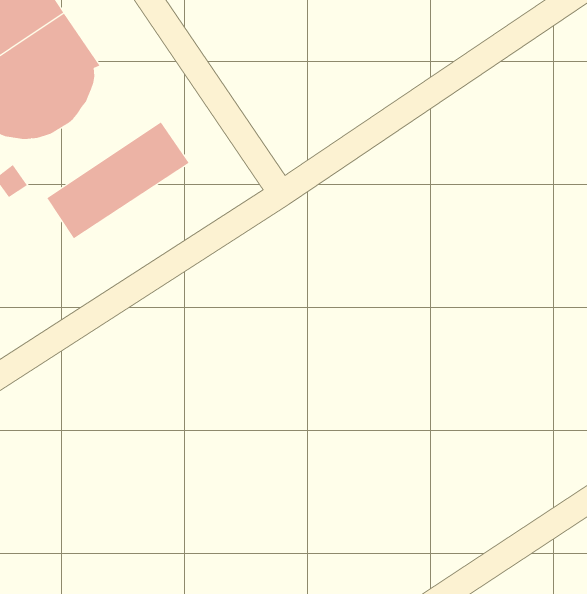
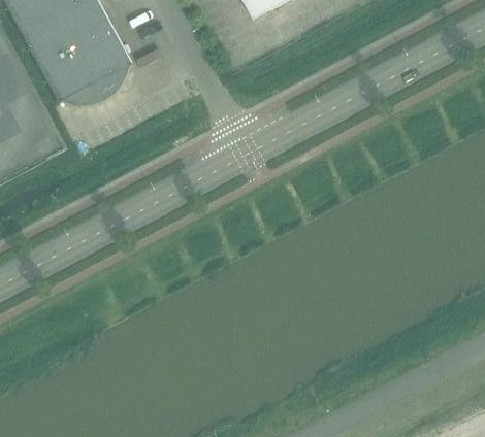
building: [46,122,190,239] -> none

